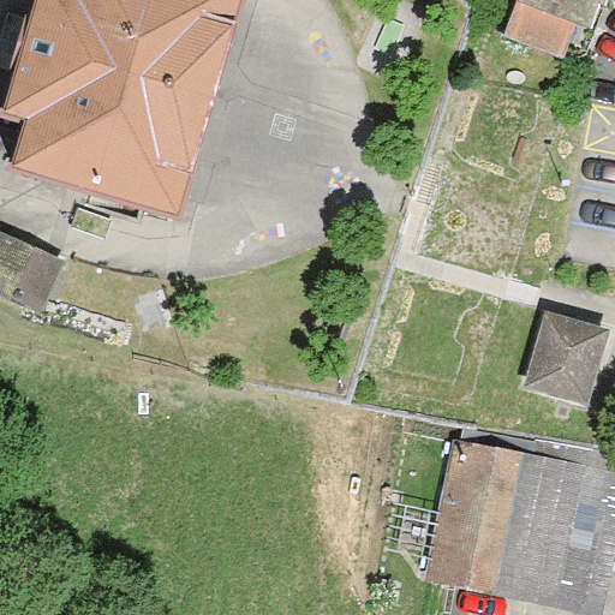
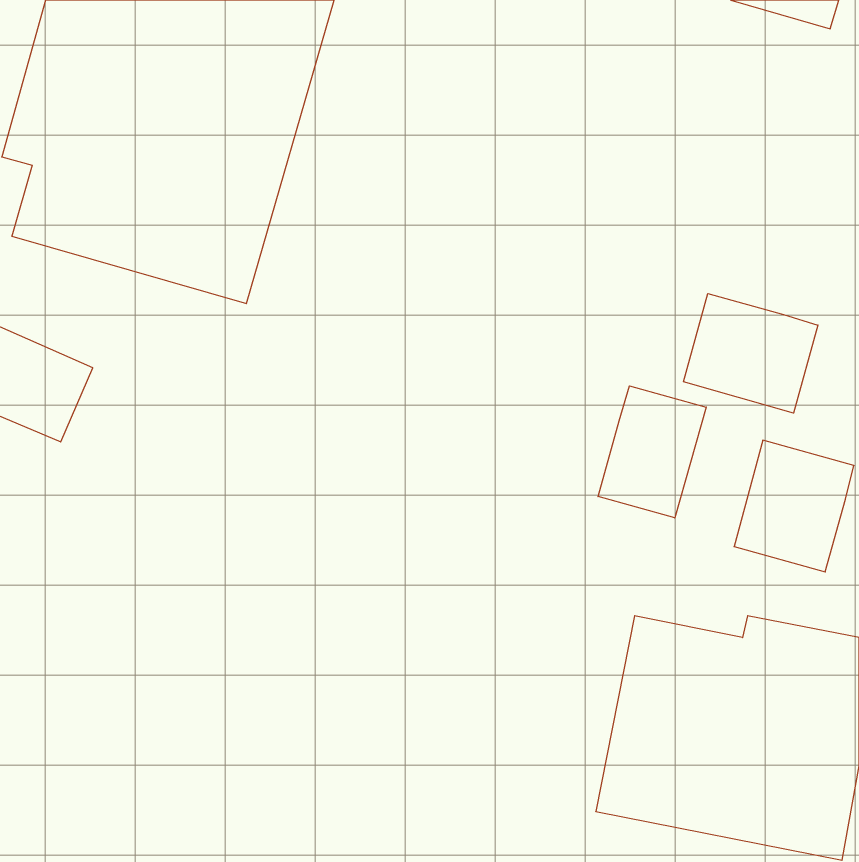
building: none -> [684,294,818,413]
building: none -> [598,386,706,518]

